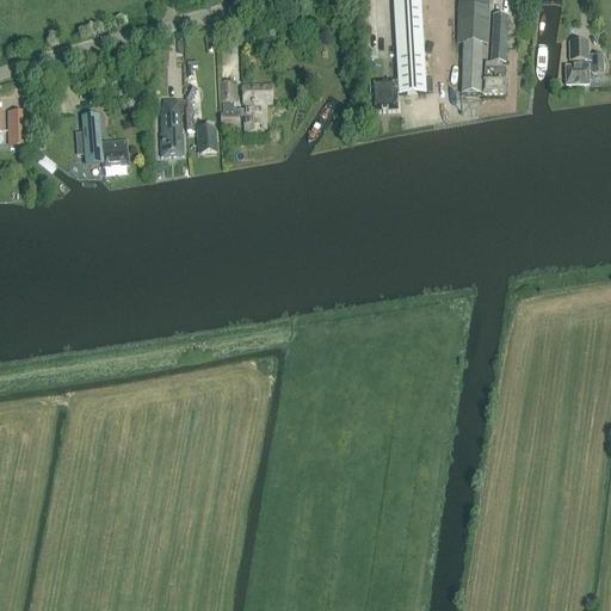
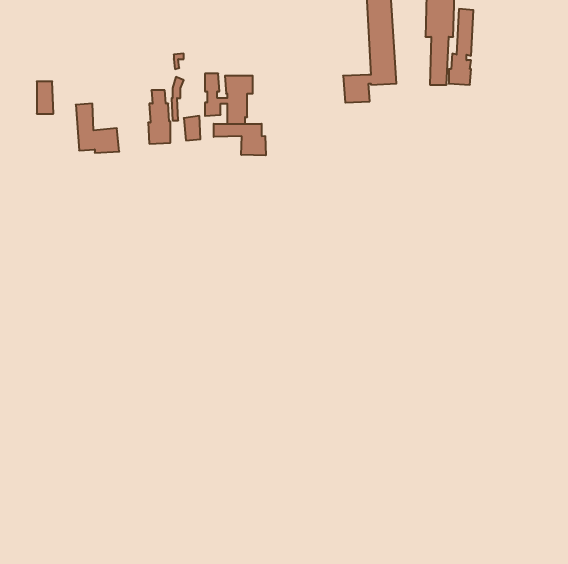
building: [564,38,603,82] -> none
building: [8,107,26,142] -> [37,81,53,114]
building: none -> [214,124,266,155]

